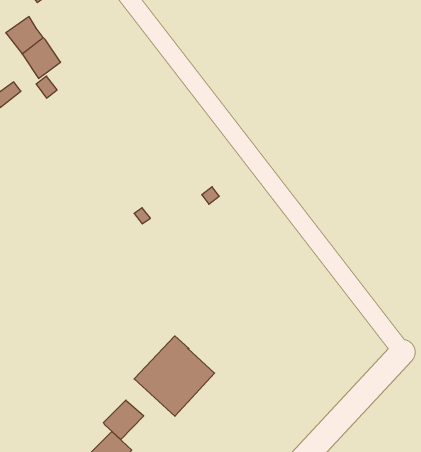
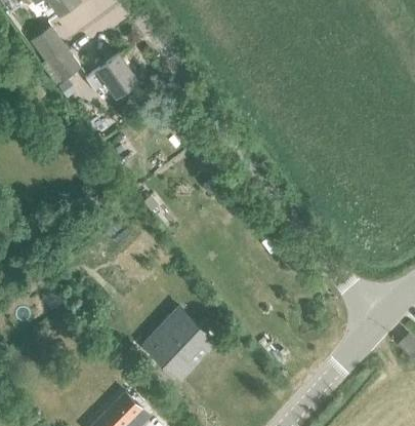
building: none -> [85,54,136,95]
building: [103,400,144,440] -> none

